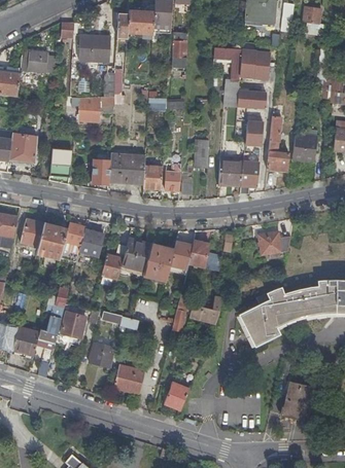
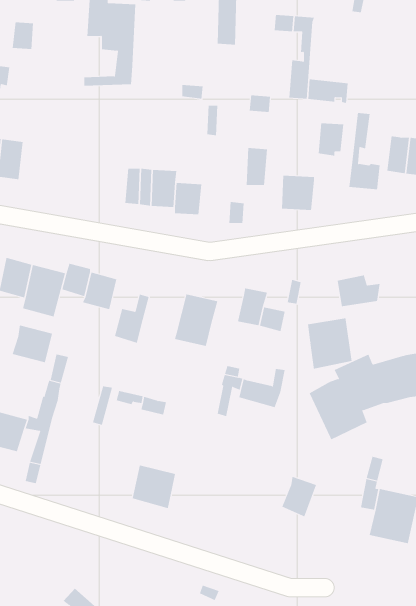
building: [239,52,270,81] -> none
building: [72,97,113,121] -> none
building: [46,149,69,176] -> none
building: [165,156,181,191] -> none
building: [92,159,109,184] -> none
building: [239,164,258,194] -> none
building: [120,241,151,272] -> none
building: [170,241,192,268] -> none
building: none -> [307,318,352,369]
building: [58,311,87,337] -> [12,325,53,363]
building: [89,341,115,367] -> none
building: [164,382,188,410] -> [282,476,317,517]

